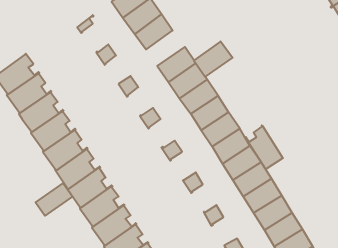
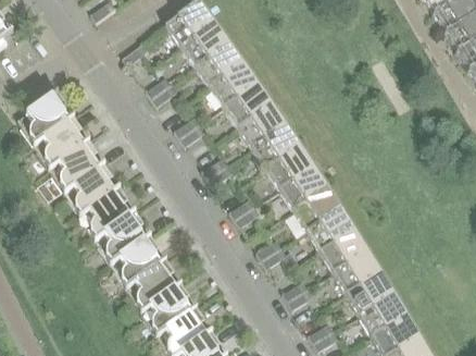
building: [194,41,233,77] -> [210,62,259,107]
building: [246,125,283,170] -> none
building: [36,183,72,216] -> none

